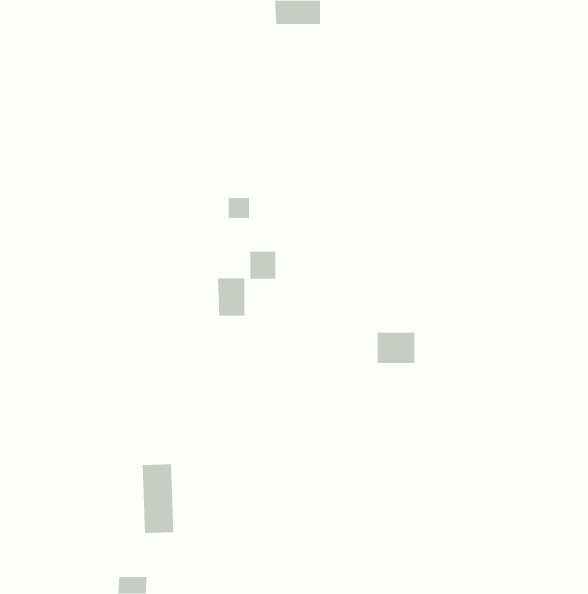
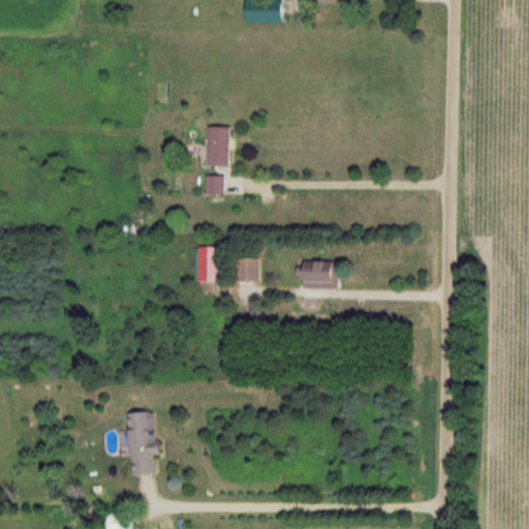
building: none -> [207,125,230,166]
building: [249,251,276,279] -> [235,257,258,282]
building: [377,332,415,363] -> [304,260,338,288]

